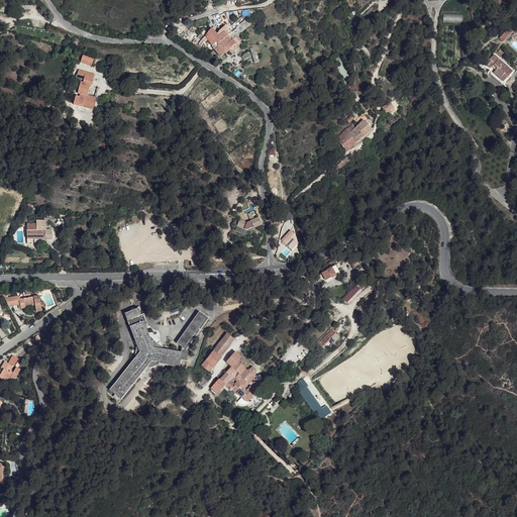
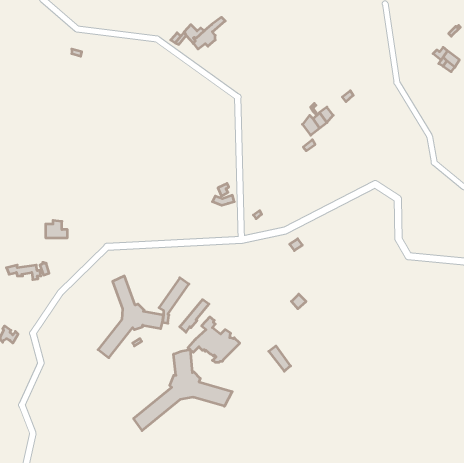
building: [77,70,95,110] -> none
building: [27,218,51,237] -> [46,220,67,238]
building: none -> [134,349,232,431]

